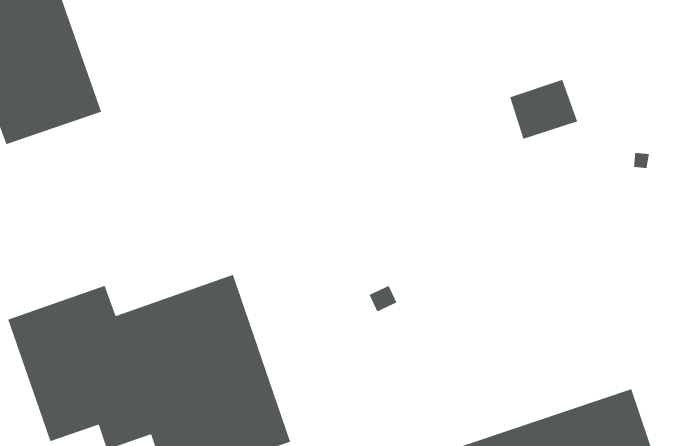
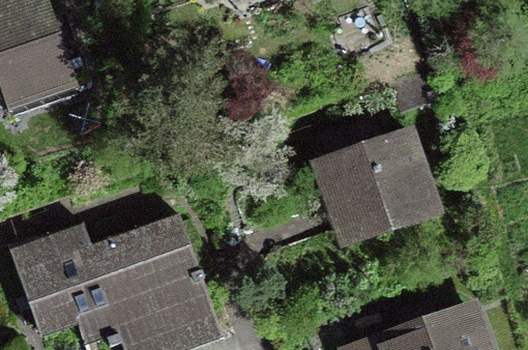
building: none -> [307,114,444,251]

